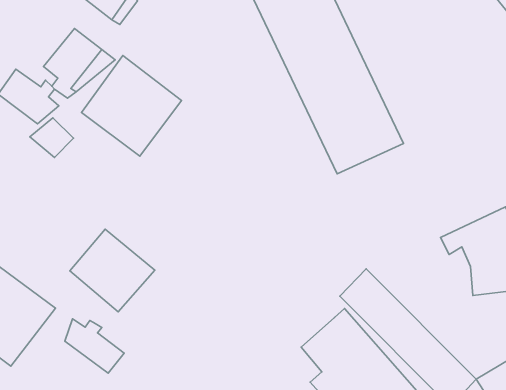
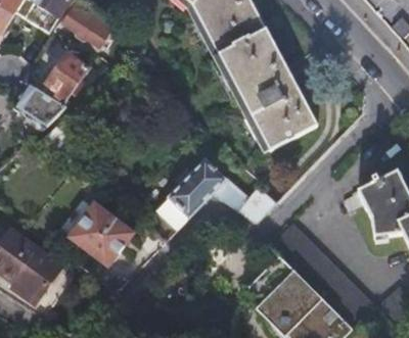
building: [81,56,182,156] -> none
building: none -> [158,156,275,227]
building: [65,319,124,373] -> none

